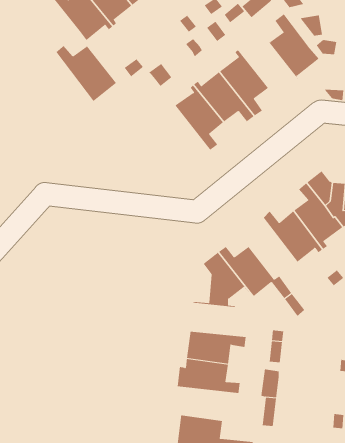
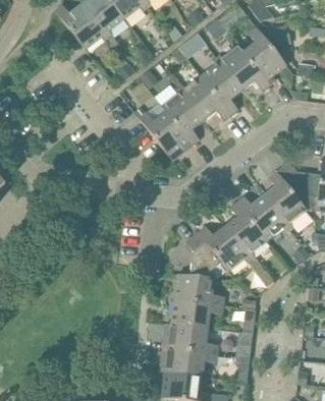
building: none -> [216,46,269,90]
building: [56,38,117,102] -> [139,105,192,160]
building: none -> [225,202,267,254]
building: none -> [174,275,224,304]
building: none -> [161,347,217,377]

